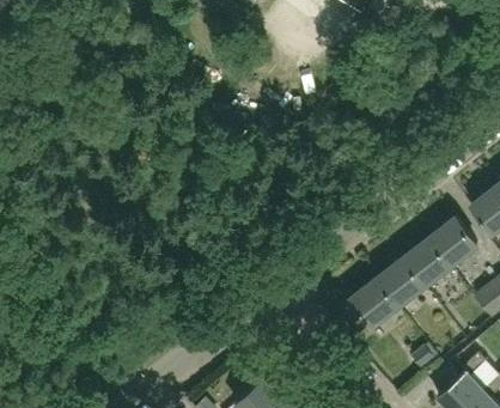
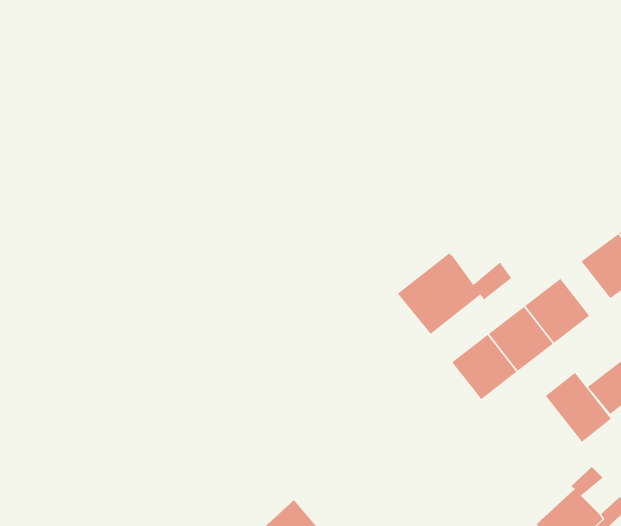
building: none -> [397,252,512,335]
building: [349,279,397,327] -> none
building: none -> [545,372,612,443]

